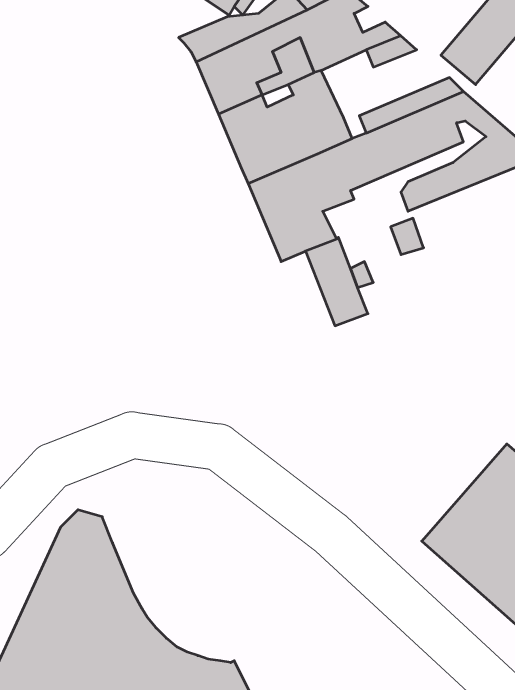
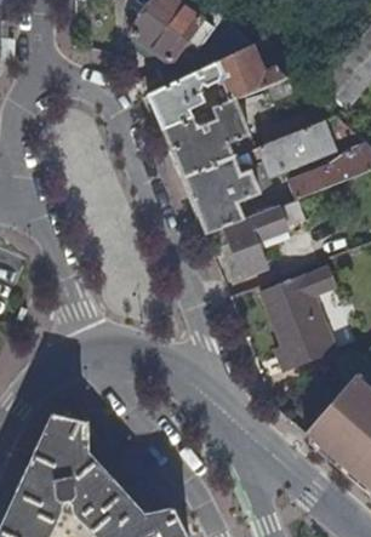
building: none -> [261,269,336,372]

